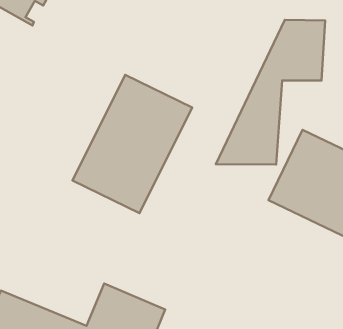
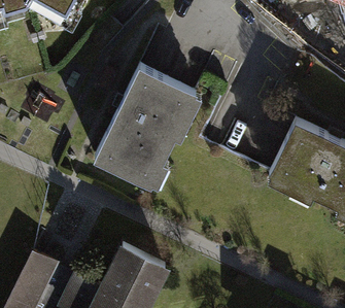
building: [216,20,325,164] -> none

